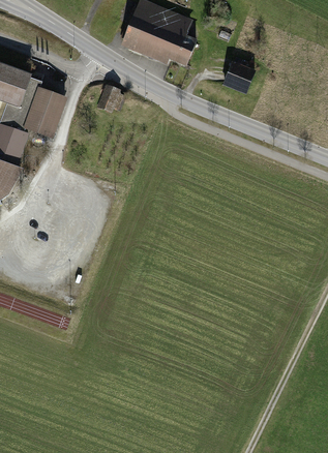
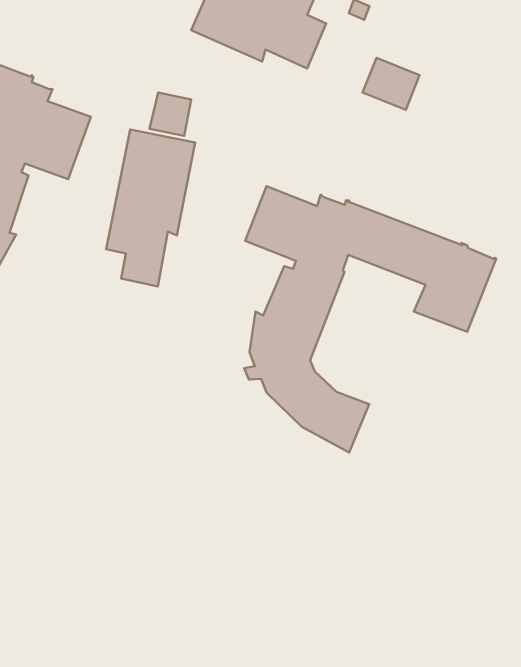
building: none -> [106,130,195,286]
building: none -> [244,186,496,452]

